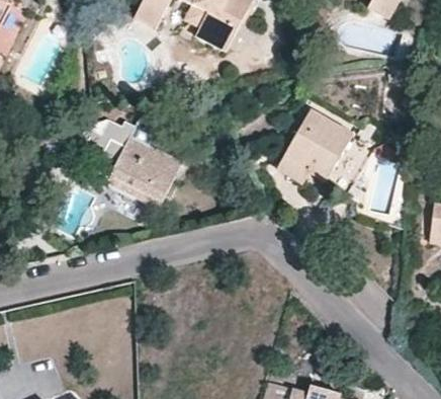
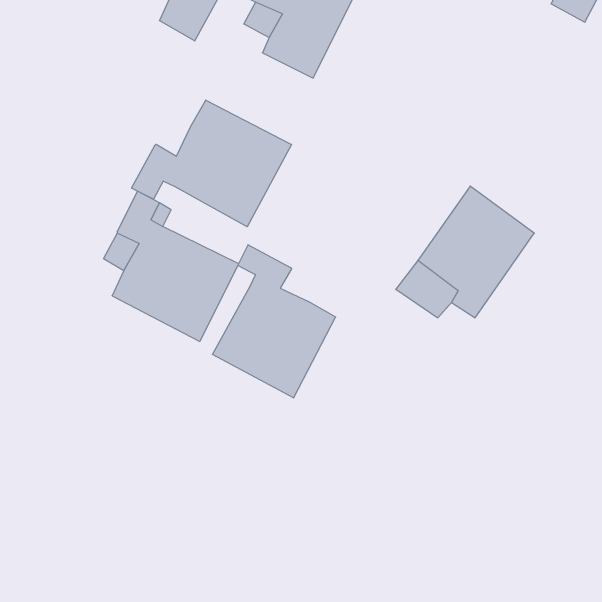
building: none -> [132,100,291,227]
building: none -> [212,245,336,398]

